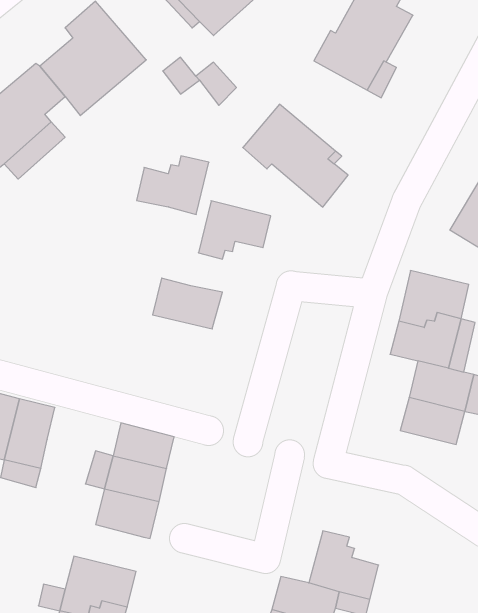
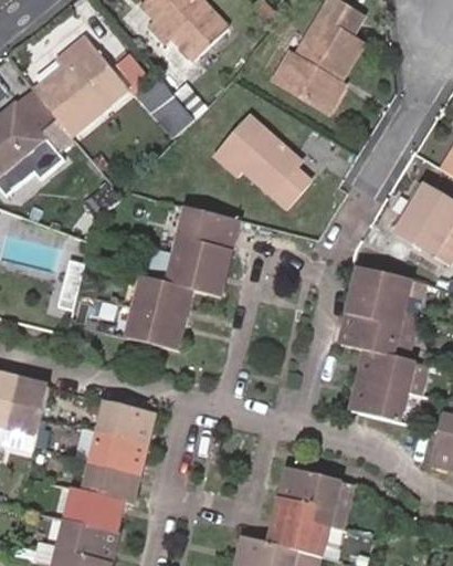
building: [137,156,209,214] -> [168,241,231,292]
building: none -> [128,305,187,346]
building: none -> [283,462,360,526]
building: none -> [66,485,127,528]

